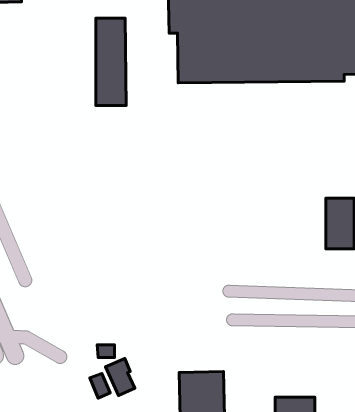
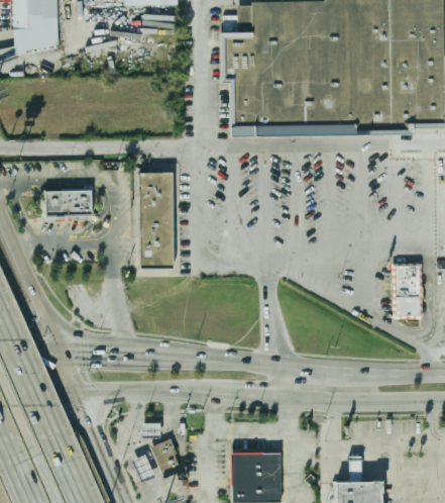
building: [96,18,126,106] -> [139,172,173,268]
building: none -> [47,187,95,214]

